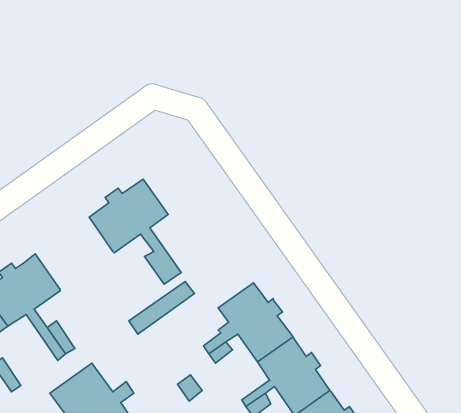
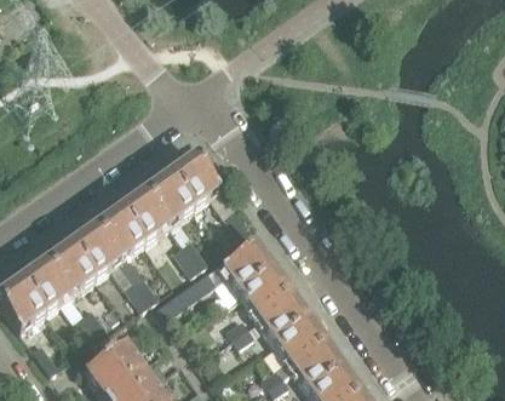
building: none -> [171,143,249,234]
building: none -> [71,206,156,303]
building: none -> [223,231,272,290]

